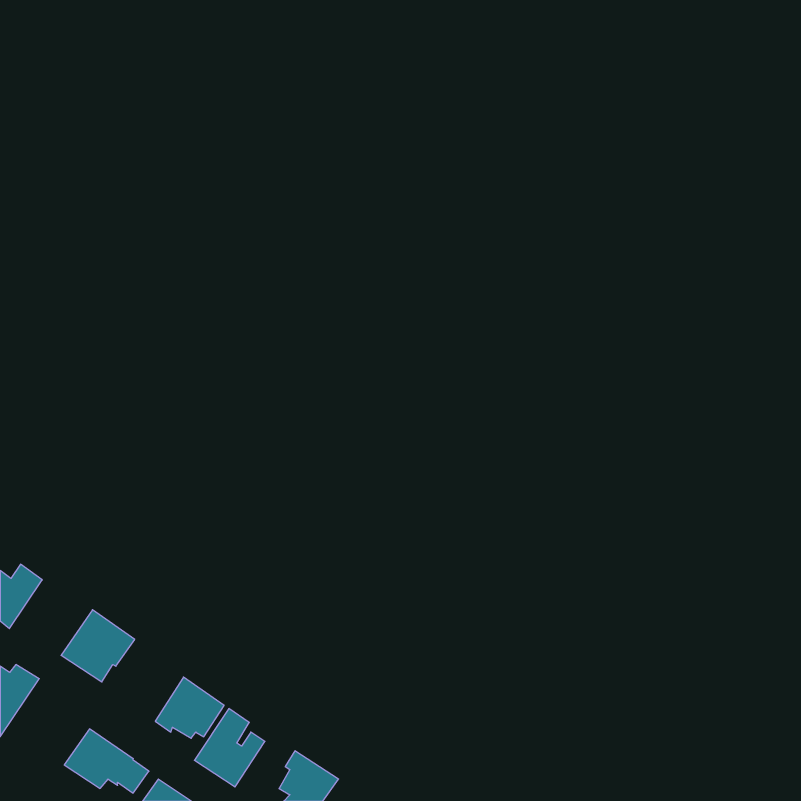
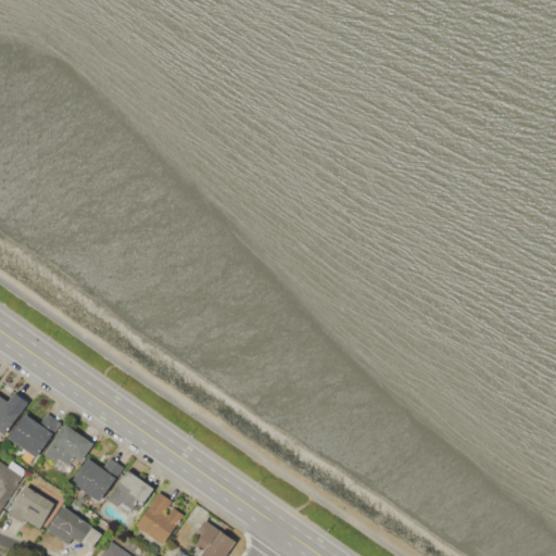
building: none -> [8,412,62,459]
building: none -> [71,457,124,503]
building: none -> [7,485,56,529]

